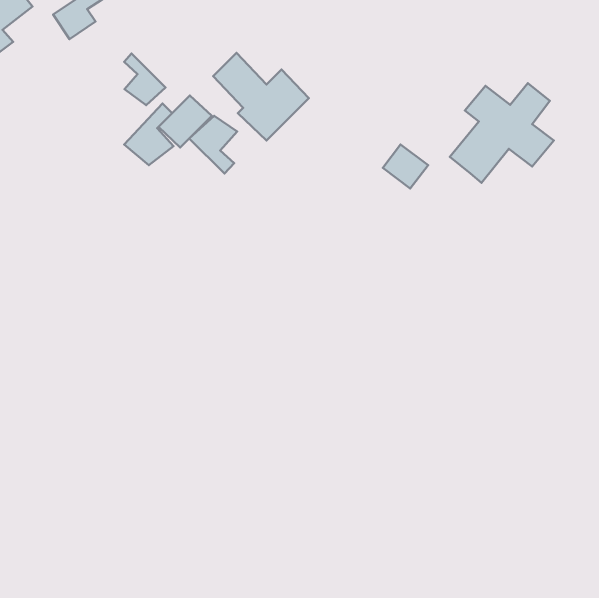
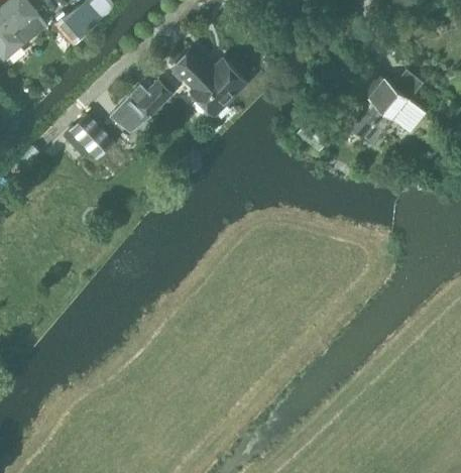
building: [124,54,166,105] -> none
building: [189,116,237,174] -> none
building: none -> [68,116,109,157]

